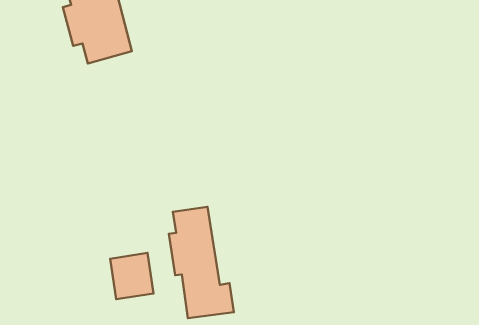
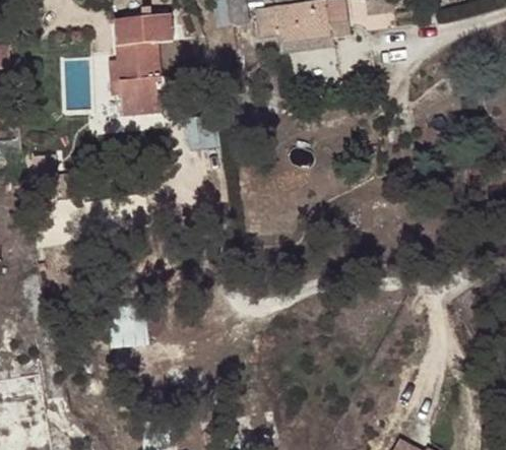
building: [169,207,234,318] -> none

